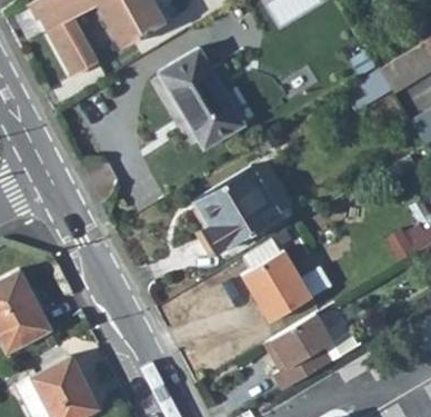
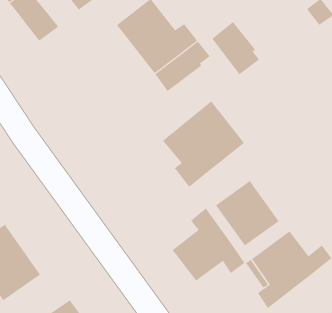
building: none -> [211,21,260,75]
building: none -> [172,207,245,282]

